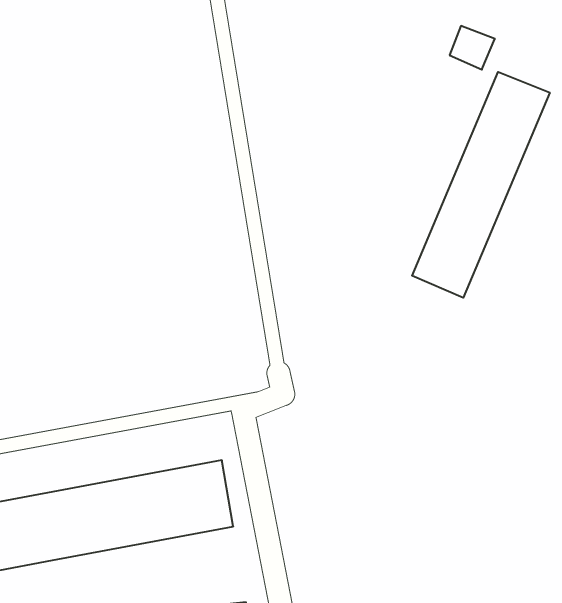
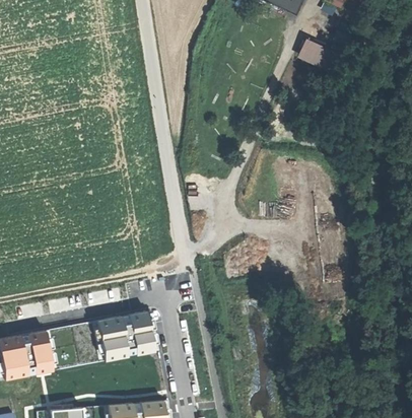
building: [412,72,550,298] -> none

